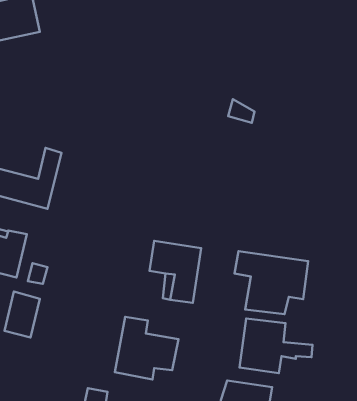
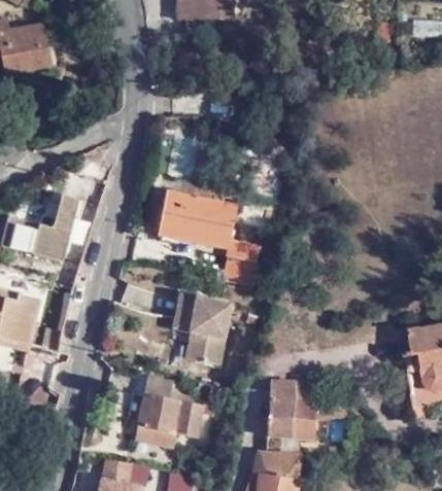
building: none -> [157,192,261,286]
building: [234,251,308,314] -> none

